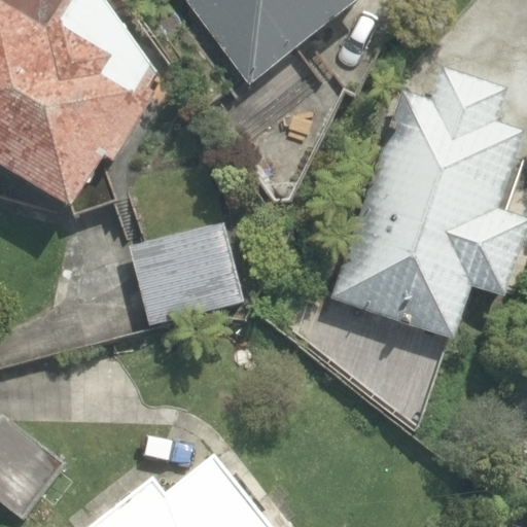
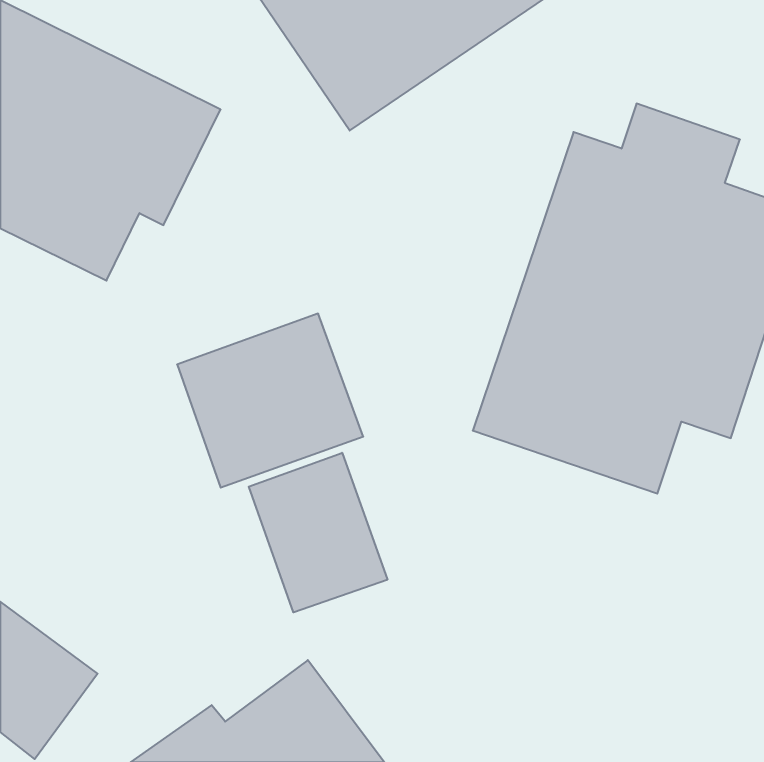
building: none -> [249,453,387,612]

